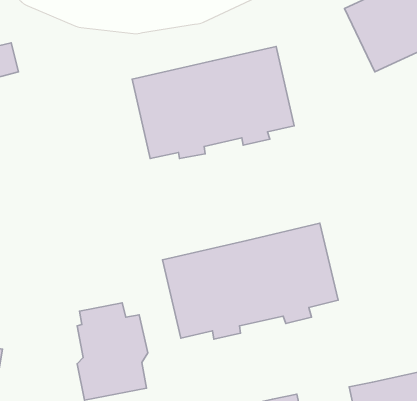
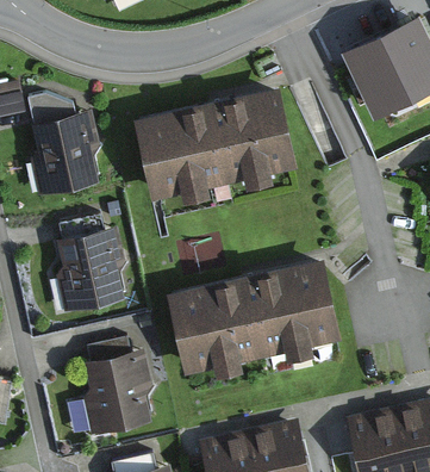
building: none -> [29,93,100,197]
building: none -> [56,215,124,313]

